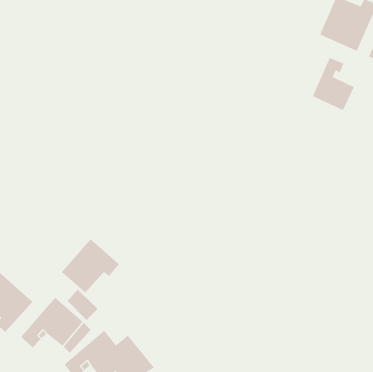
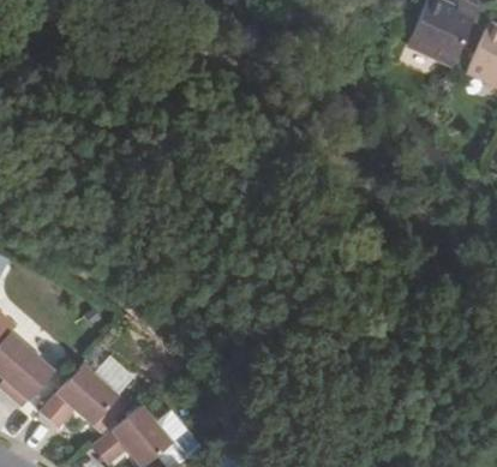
building: [312,57,355,111] -> none
building: [61,238,120,293] -> none

